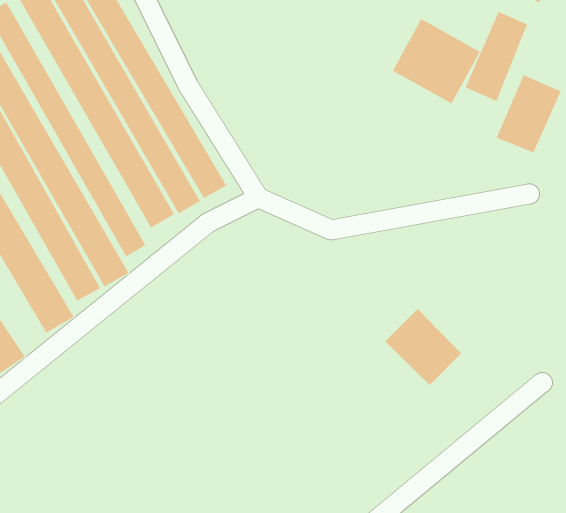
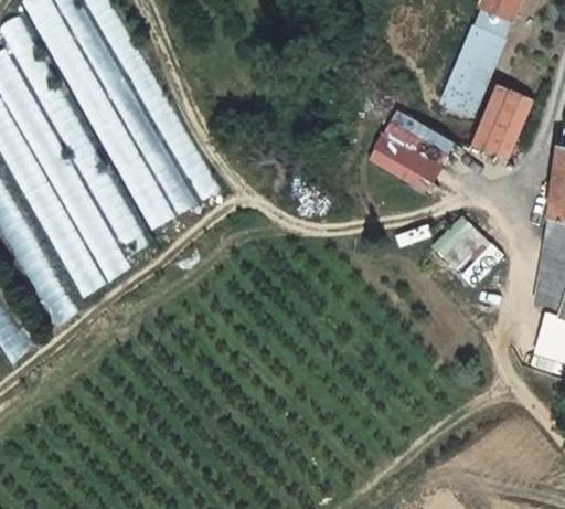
building: [392,18,480,104] -> [369,113,450,192]
building: [384,308,462,386] -> [429,215,501,287]

